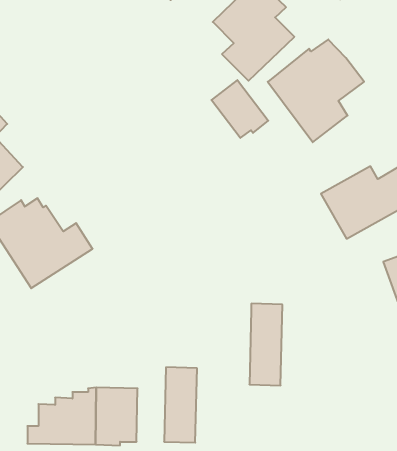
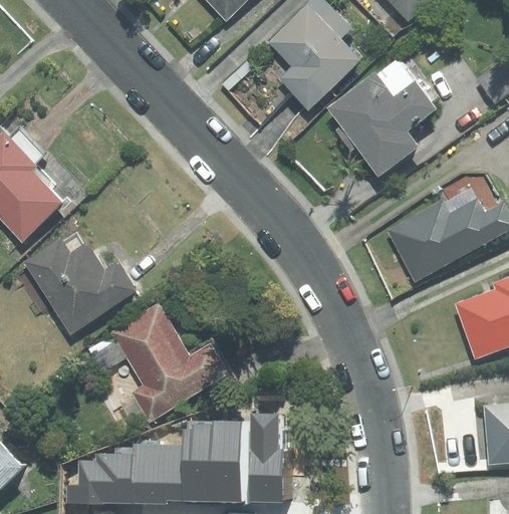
building: [211,80,268,138] -> none
building: none -> [87,307,230,427]
building: [249,304,282,385] -> [250,415,286,504]
building: none -> [186,421,218,502]

